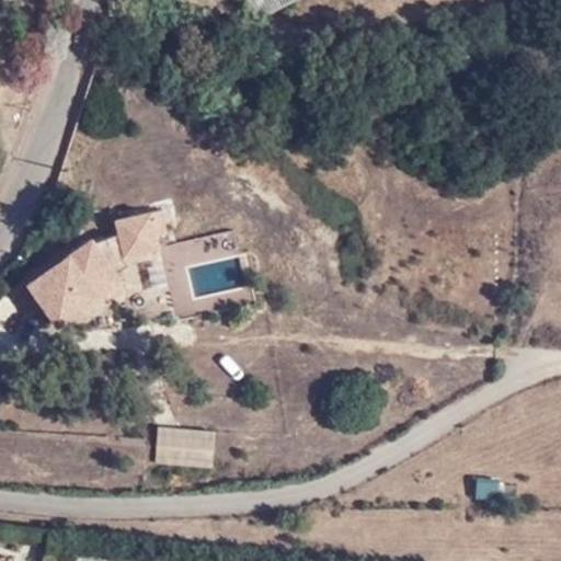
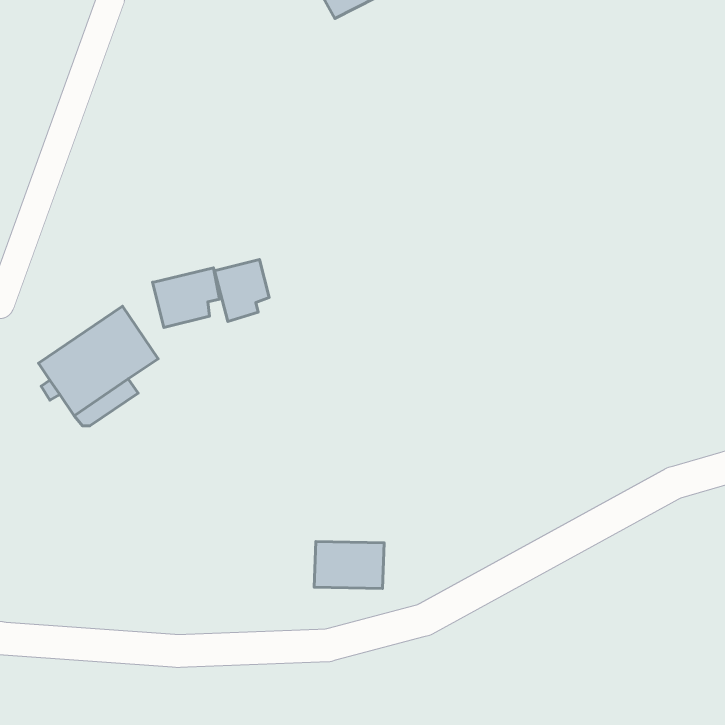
building: none -> [214,259,269,321]
building: [159,431,213,467] -> [314,541,384,588]

